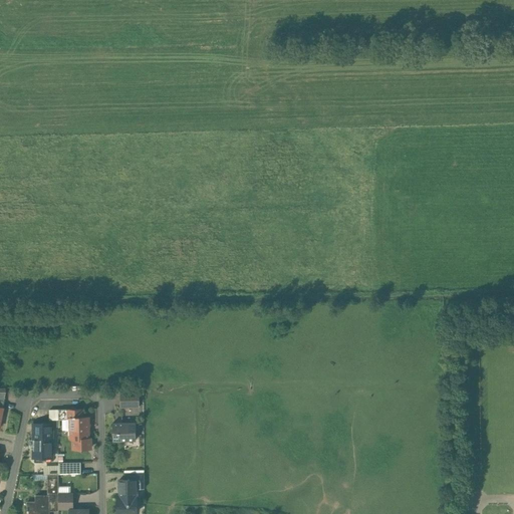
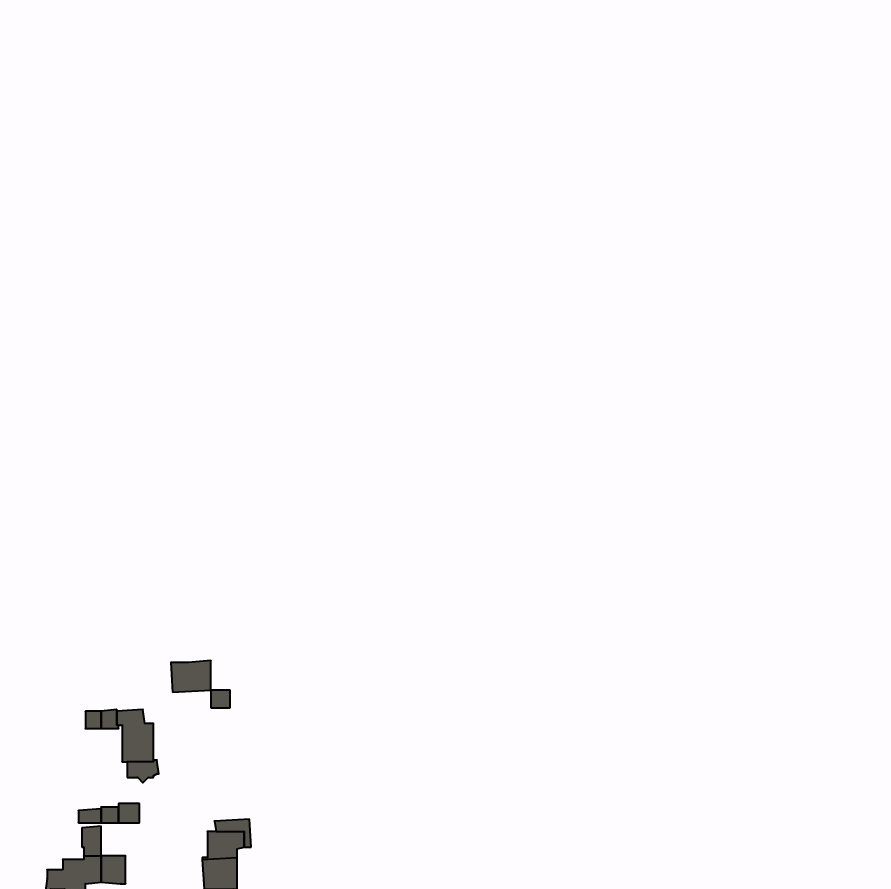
building: [112,423,136,441] -> [171,661,211,692]
building: [33,424,52,459] -> none

